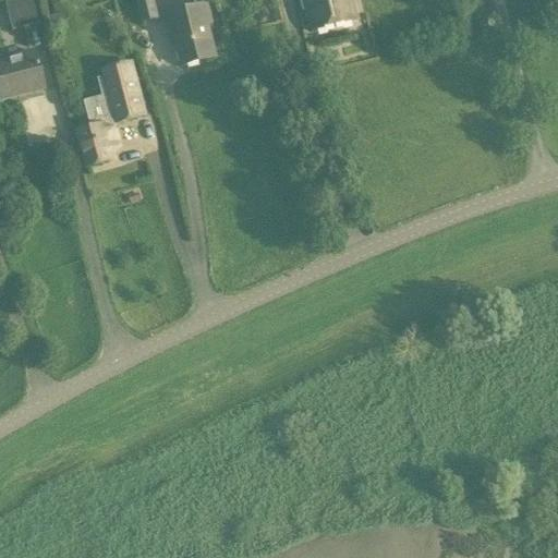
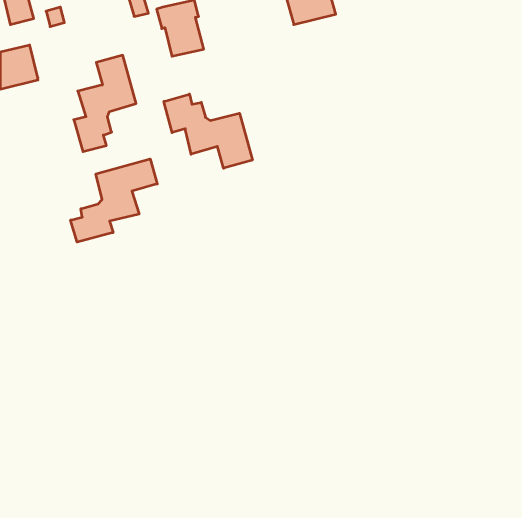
building: none -> [164,94,252,168]
building: none -> [71,159,157,242]

